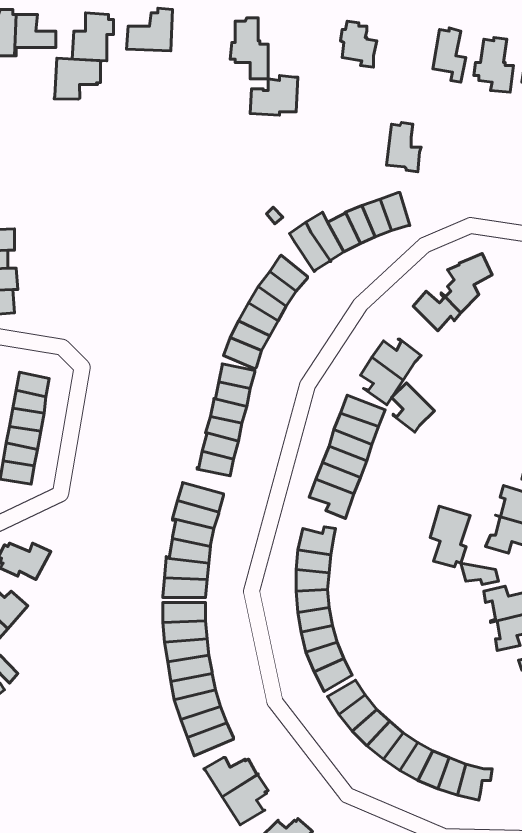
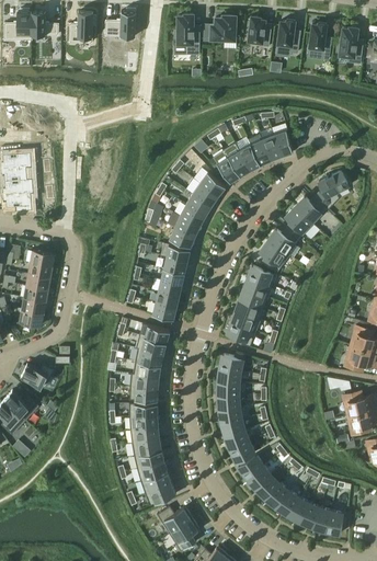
building: [54,58,102,99] -> none
building: [250,76,298,115] -> [203,15,235,42]
building: [387,122,421,172] -> [276,20,299,53]
building: [392,383,434,432] -> [285,206,313,239]
building: [430,506,470,567] -> none

